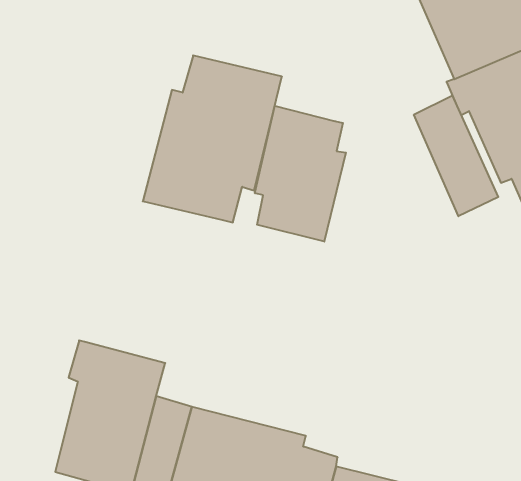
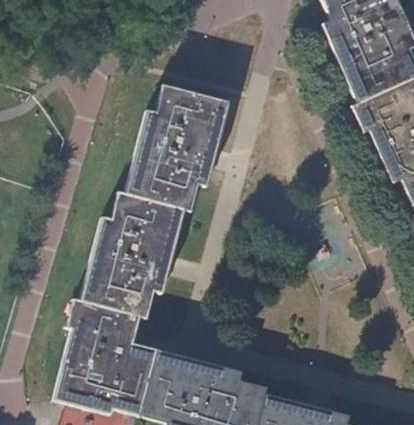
building: [414,96,498,216] -> none
building: [255,106,346,242] -> none
building: none -> [79,193,183,318]

